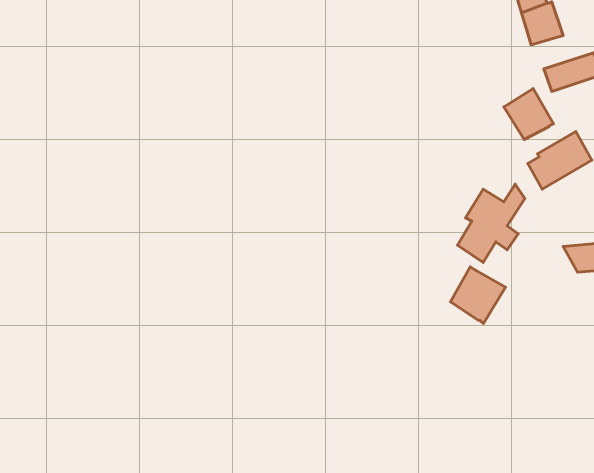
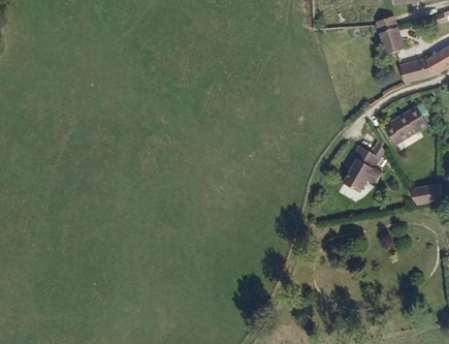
building: [504,88,554,140] -> none
building: [450,267,506,323] -> none

